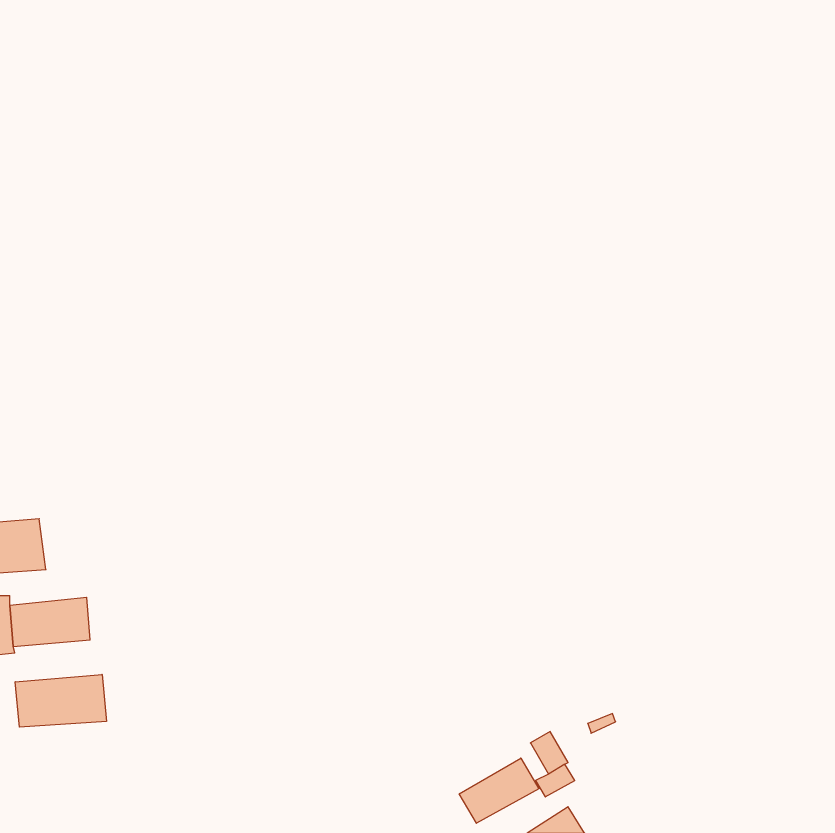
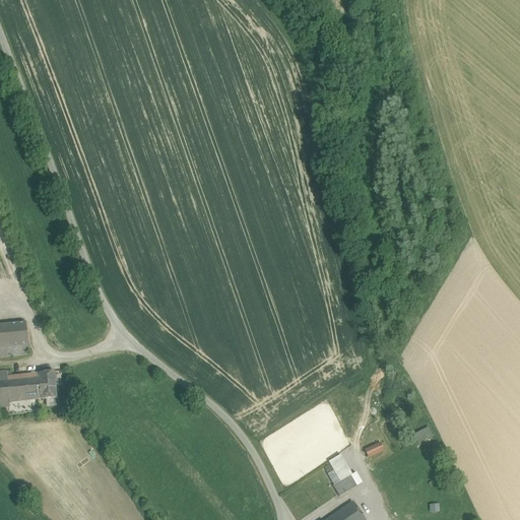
building: [15,674,106,727] -> none
building: [459,758,539,823] -> none

